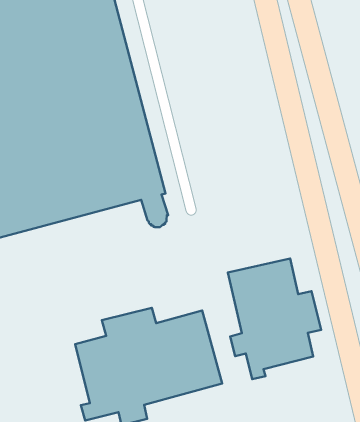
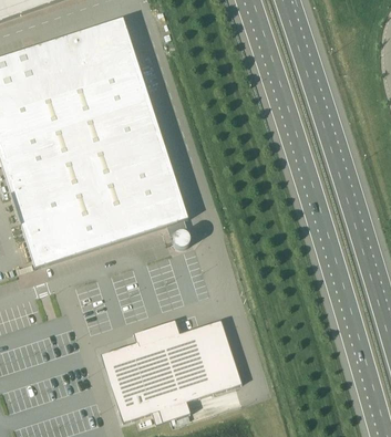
building: [228,258,321,379] -> none

